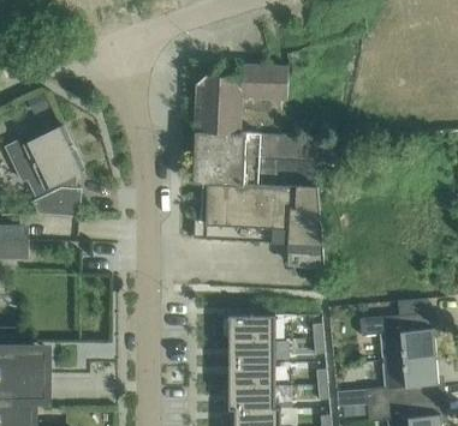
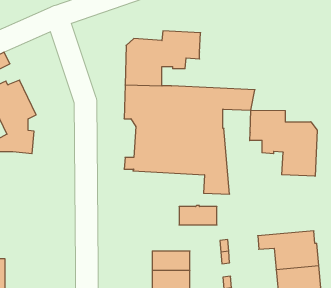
building: none -> [250,110,317,176]
building: [228,313,275,337] -> [179,206,217,225]

